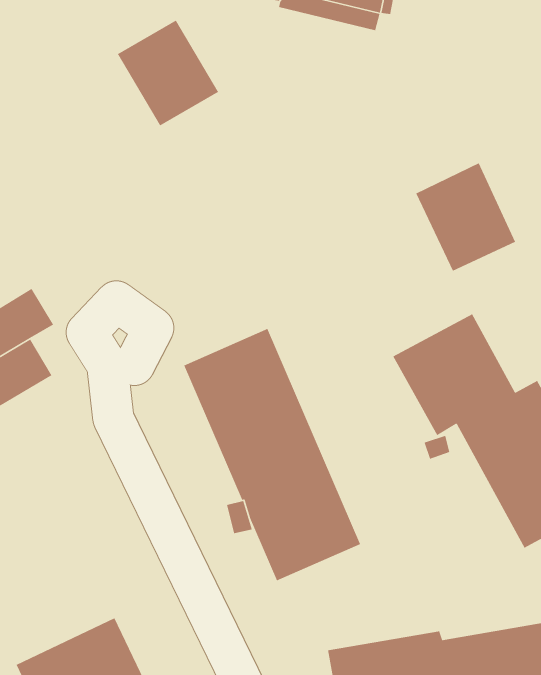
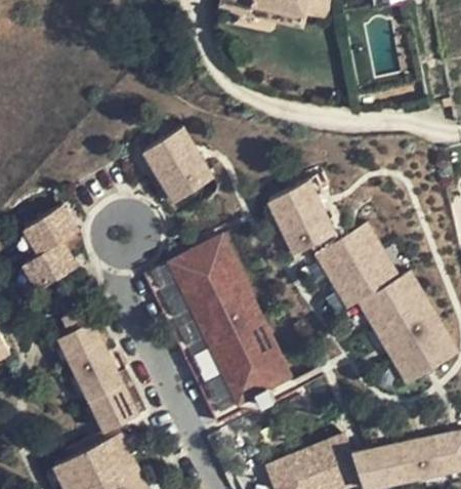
building: [117,20,219,126] -> [142,128,213,202]
building: [415,162,516,272] -> [266,178,336,254]
building: none -> [57,322,138,432]

